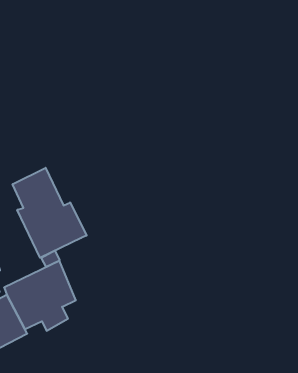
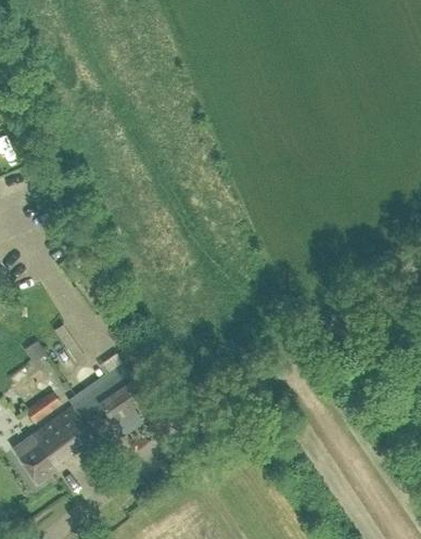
building: [13,168,87,258] -> none

